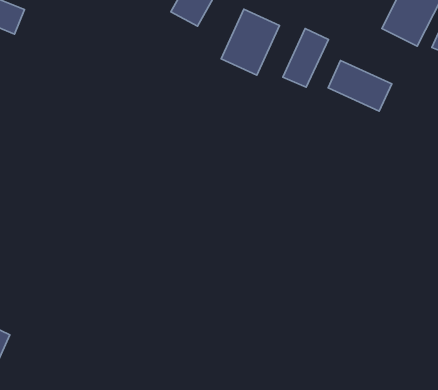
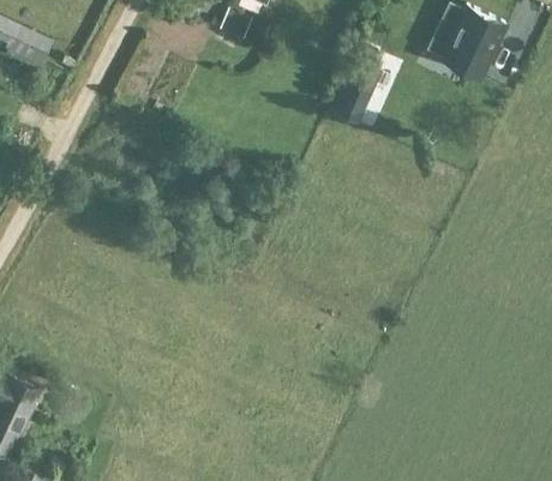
building: [221,9,280,75] -> none
building: [328,61,392,111] -> none

